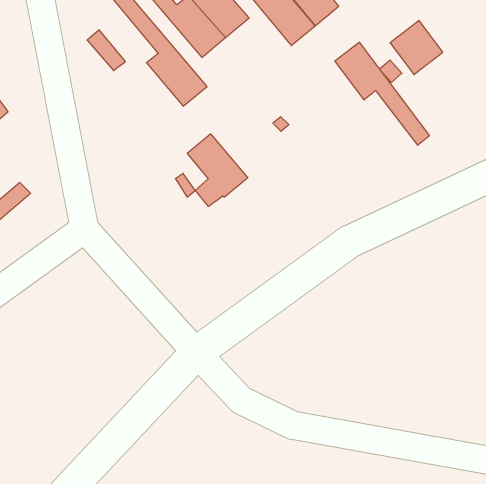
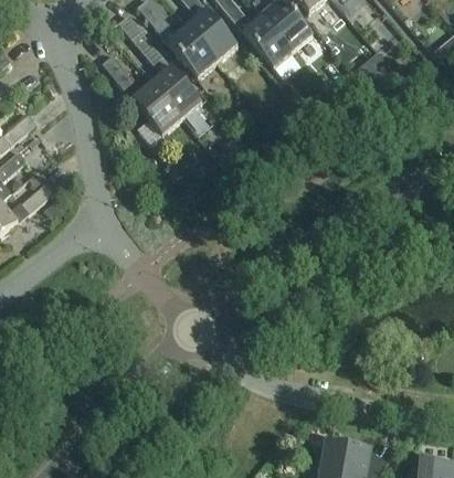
building: [335,42,429,145] -> none
building: [187,134,248,206] -> [130,79,181,140]

